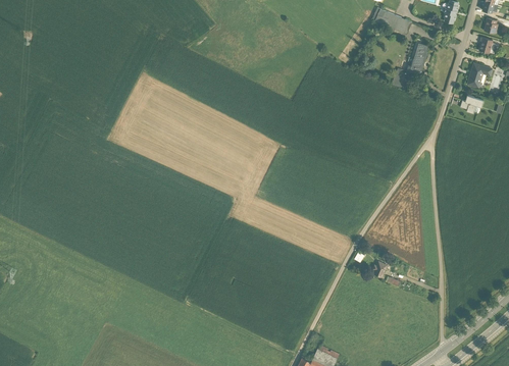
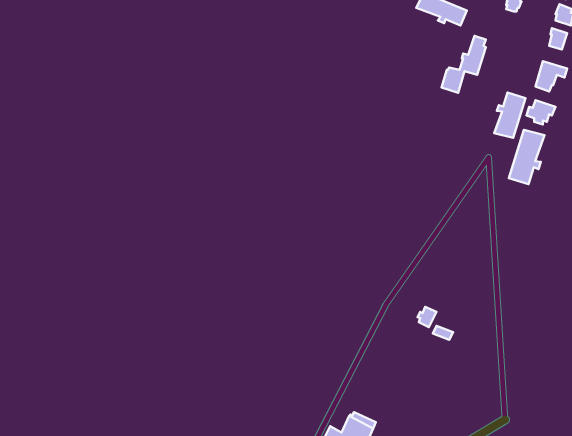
building: none -> [494,93,526,138]
building: none -> [509,130,545,184]

